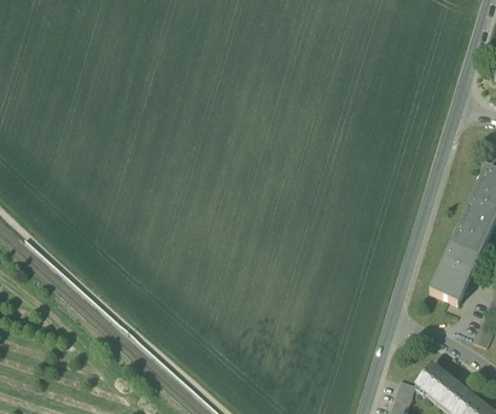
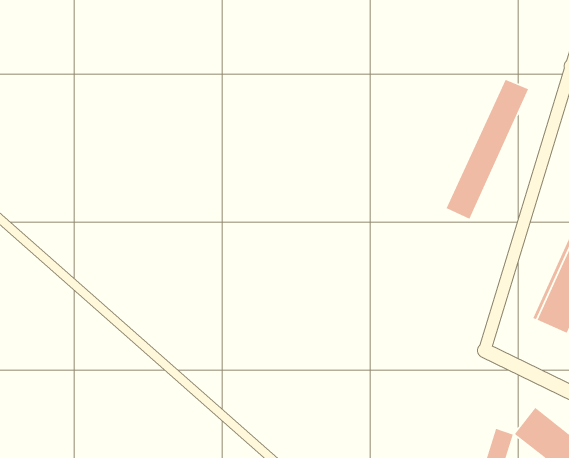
building: none -> [445,79,529,220]

